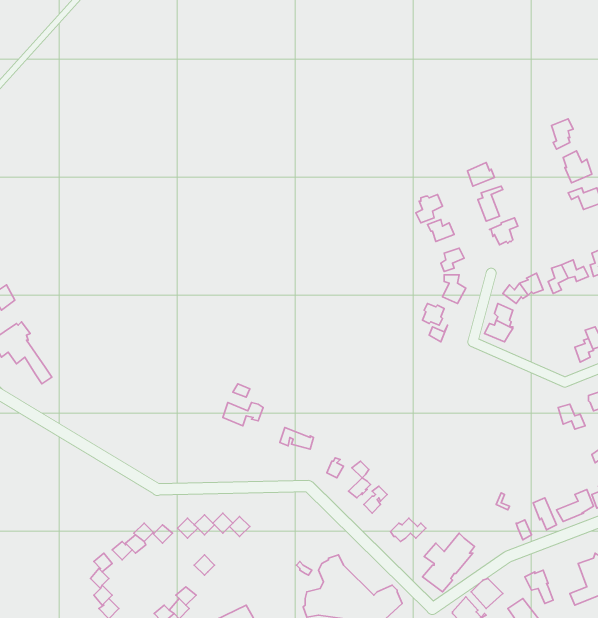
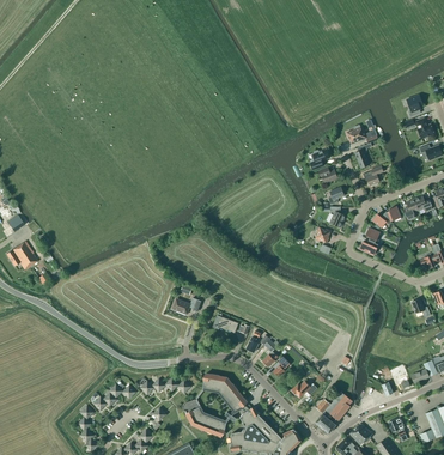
building: none -> [203,374,245,411]
building: none -> [182,399,226,436]

